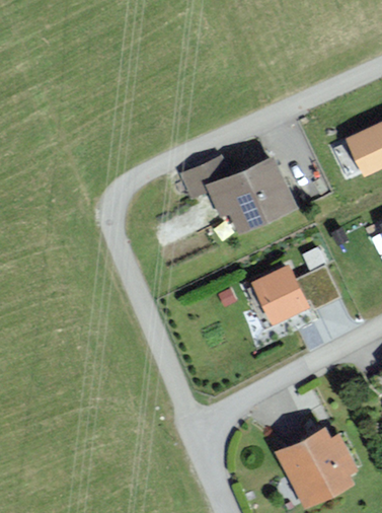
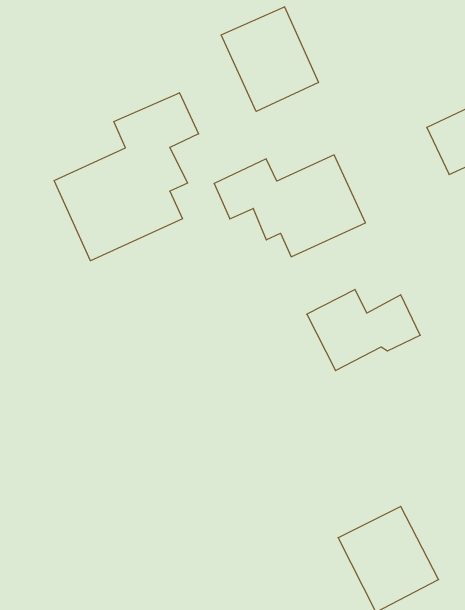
building: none -> [221,7,318,111]
building: none -> [54,93,199,261]

